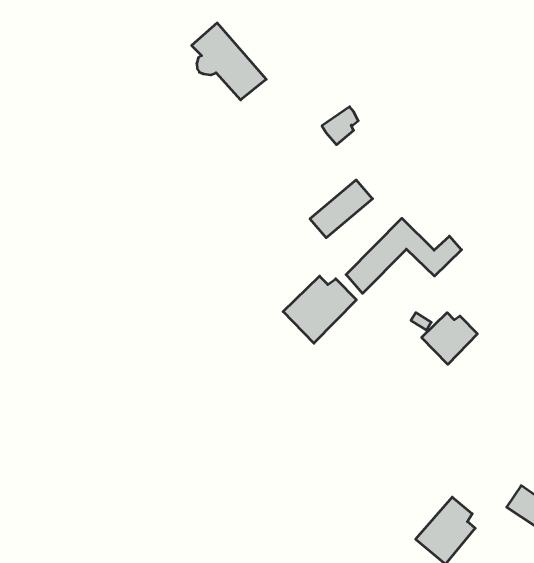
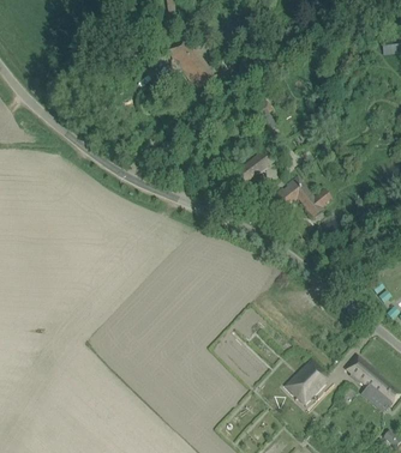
building: [283,276,356,343] -> none
building: [422,313,477,364] -> none

